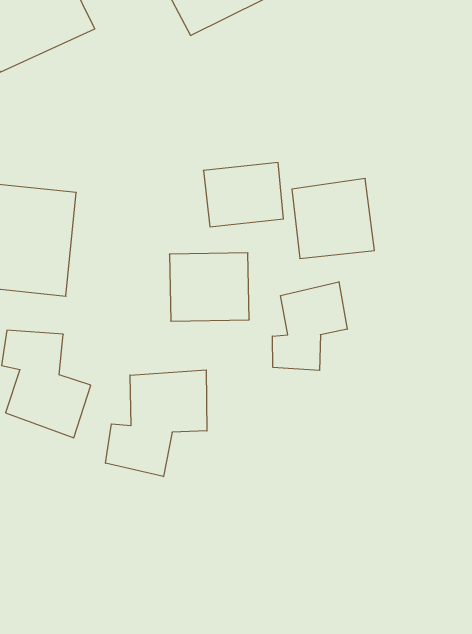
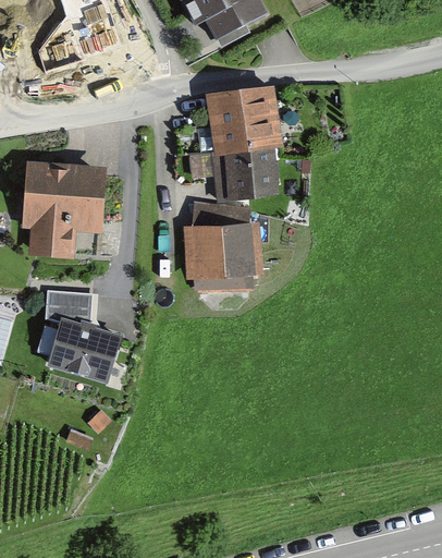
building: [292,179,374,258] -> [207,88,275,155]
building: [272,282,347,370] -> none
building: [106,370,207,477] -> none

